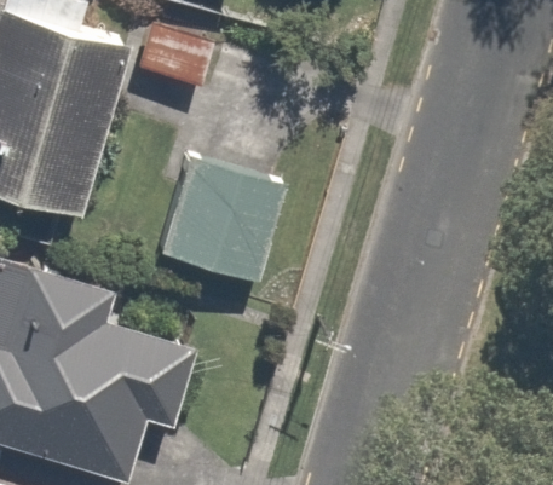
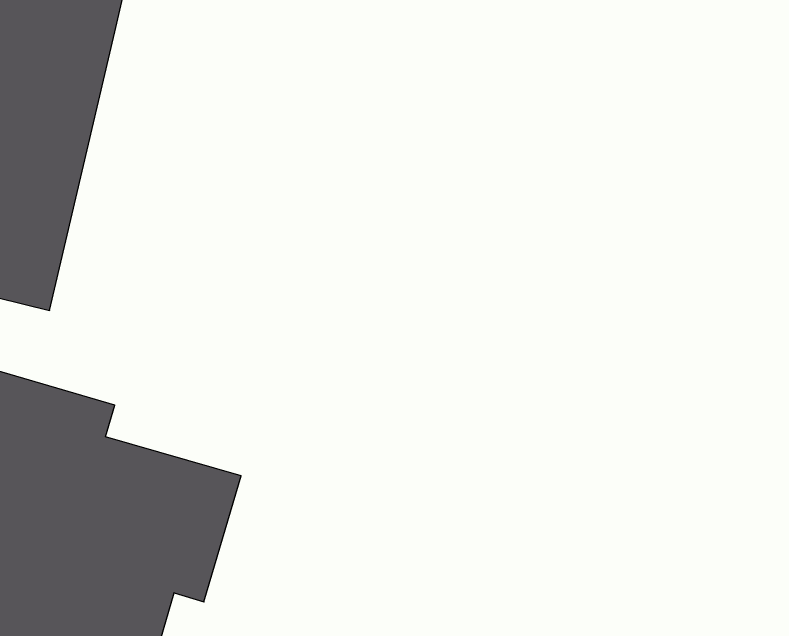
building: [152,155,280,287] -> none

